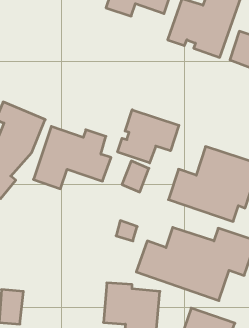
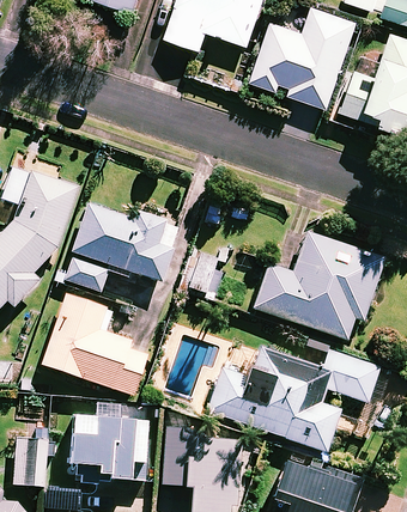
building: [118,110,179,163] -> none
building: none -> [43,293,148,394]
building: none -> [71,409,146,483]

